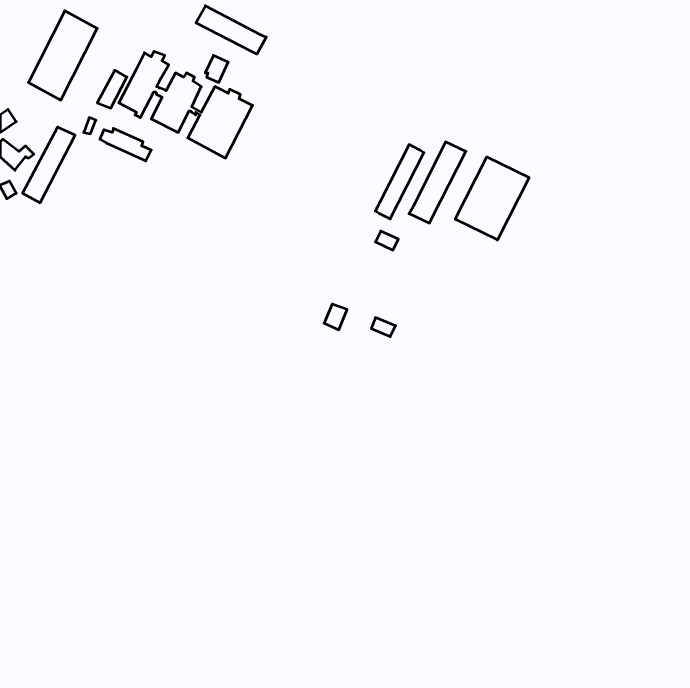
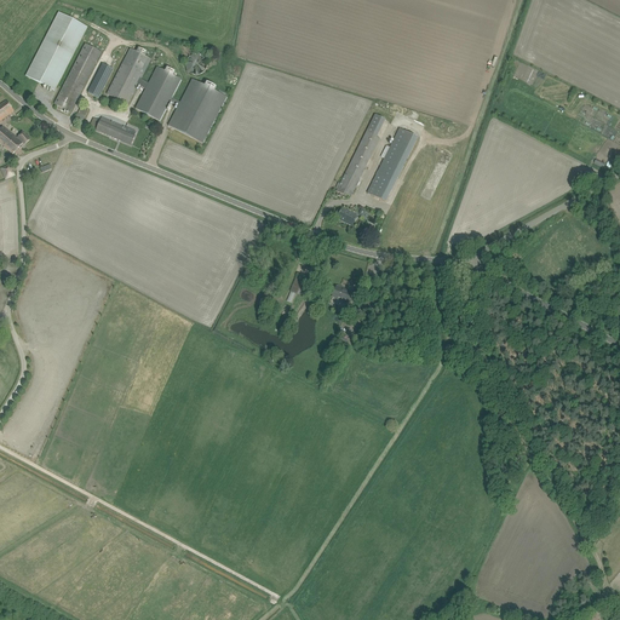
building: [196,6,266,54] -> none
building: [23,127,75,203] -> [54,42,102,110]
building: [455,157,529,240] -> none

